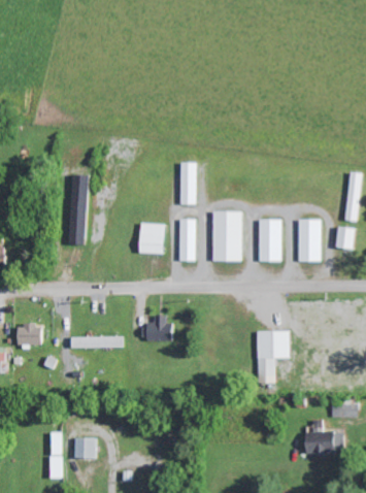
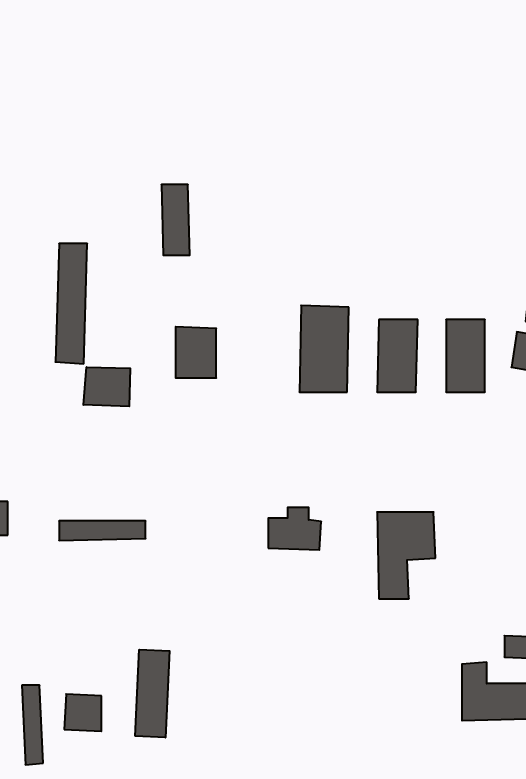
building: [179,164,196,205] -> [161,185,190,255]
building: [177,220,194,262] -> none
building: none -> [83,367,130,406]
building: [142,317,173,341] -> [268,507,321,550]
building: none -> [135,650,170,738]

